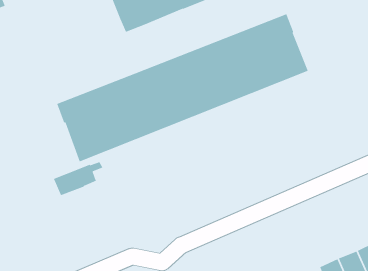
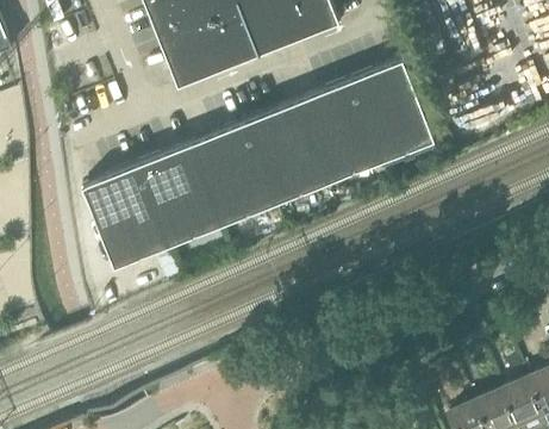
building: [53,161,103,196] -> none

